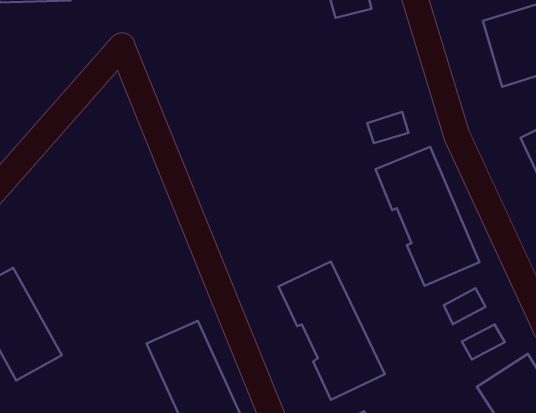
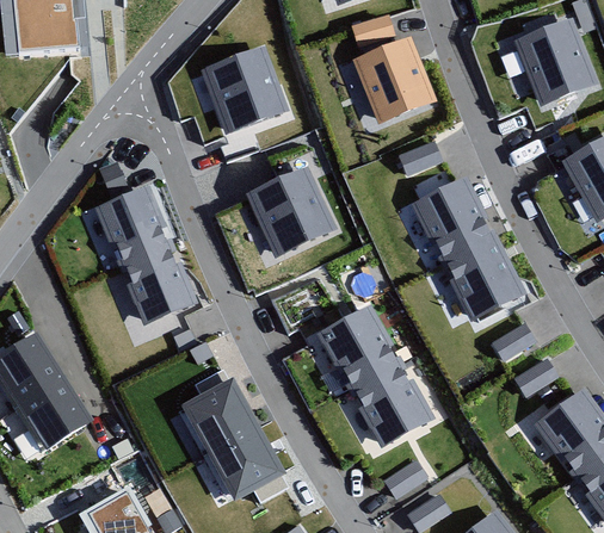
building: none -> [198,45,288,136]
building: none -> [350,36,436,125]
building: none -> [244,166,334,259]
building: none -> [93,186,197,327]

